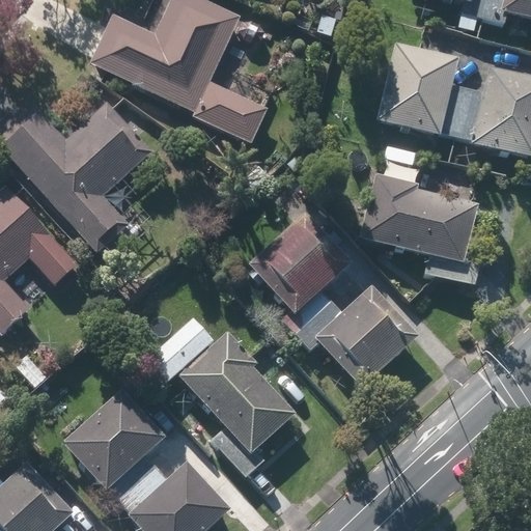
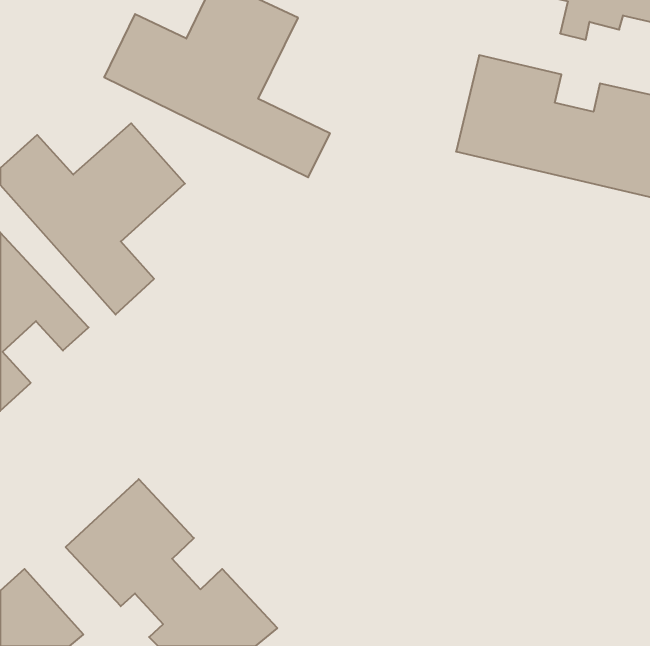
building: [356,176,479,286] -> none
building: [244,209,418,390] -> none
building: [142,315,292,476] -> none

